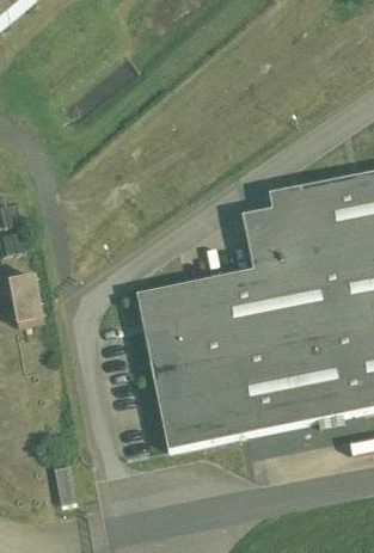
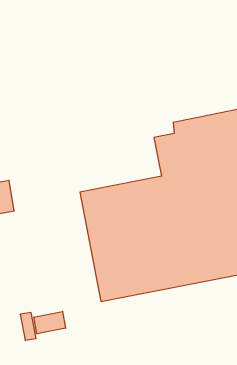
building: none -> [34,311,66,334]

